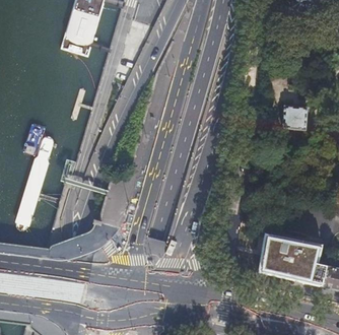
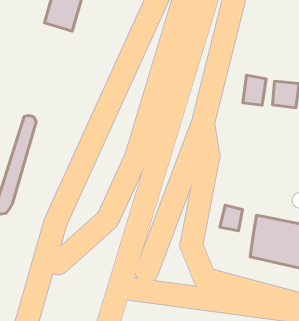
building: none -> [243,75,266,105]
building: none -> [220,205,243,231]

